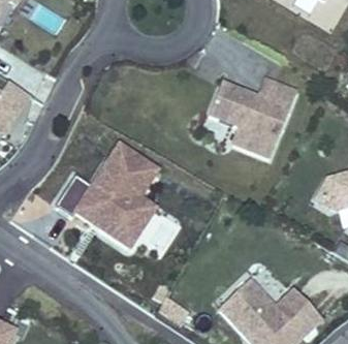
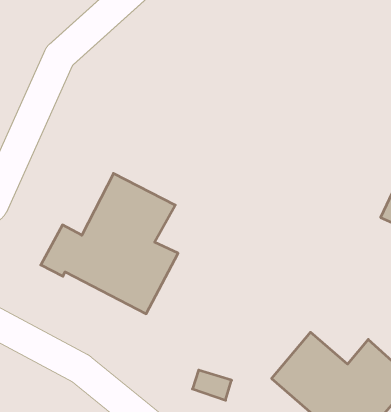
building: [209,74,298,157] -> none

